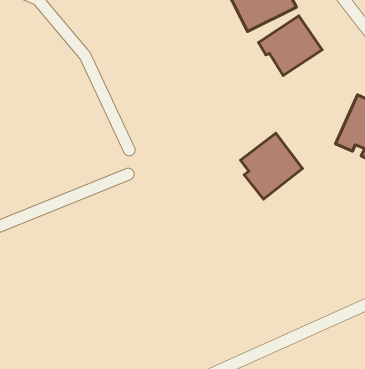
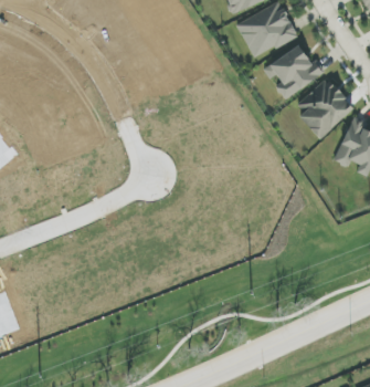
building: [240,133,303,199] -> [297,77,353,137]

